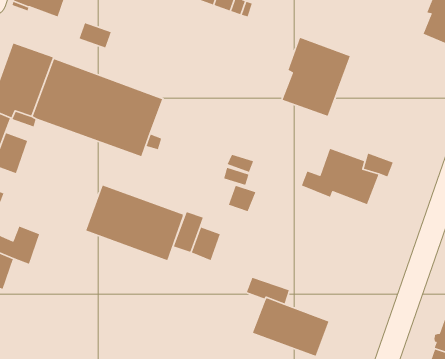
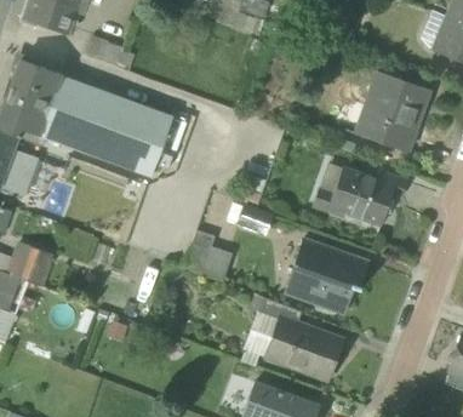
building: [281,37,351,117] -> [360,70,430,152]
building: [85,185,184,261] -> none
building: none -> [291,240,367,308]

